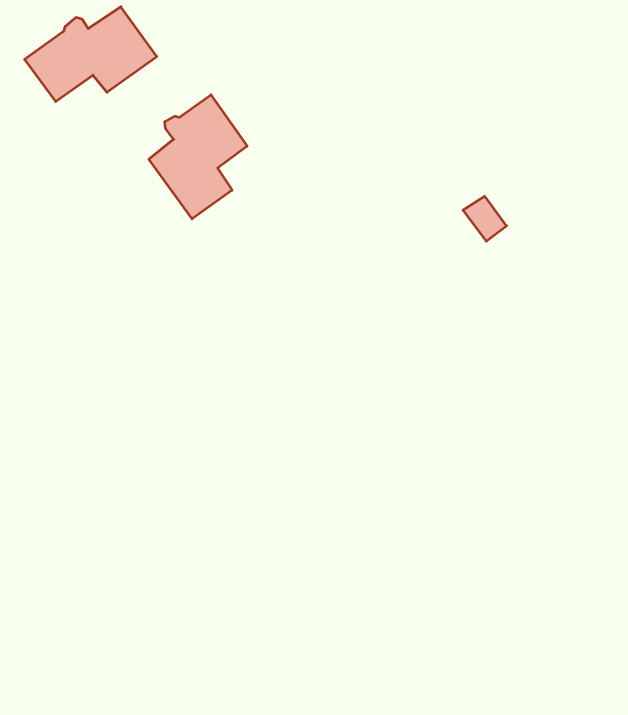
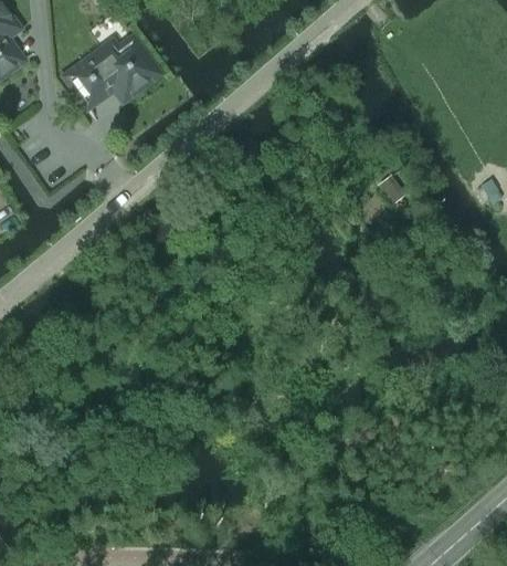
building: [149,95,247,219] -> none

